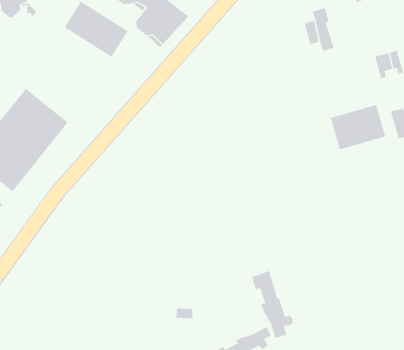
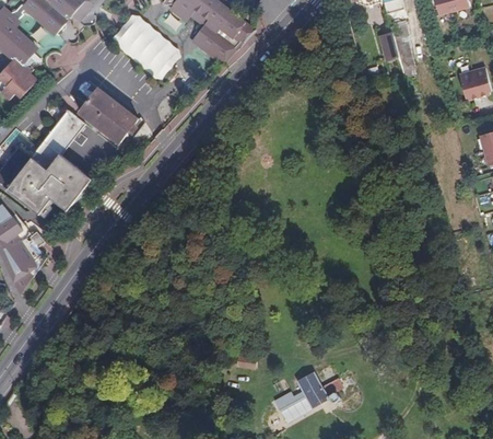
building: none -> [81,86,140,142]
building: [330,104,386,150] -> none
building: [251,270,293,339] -> none

